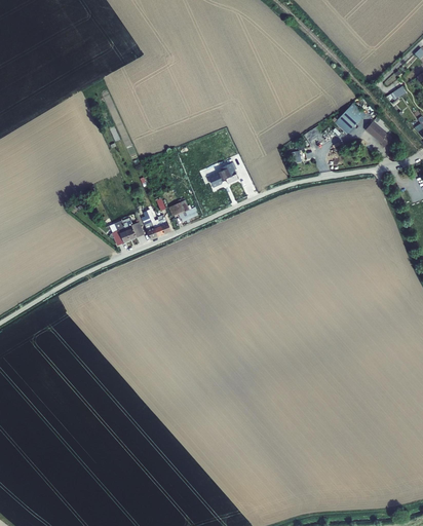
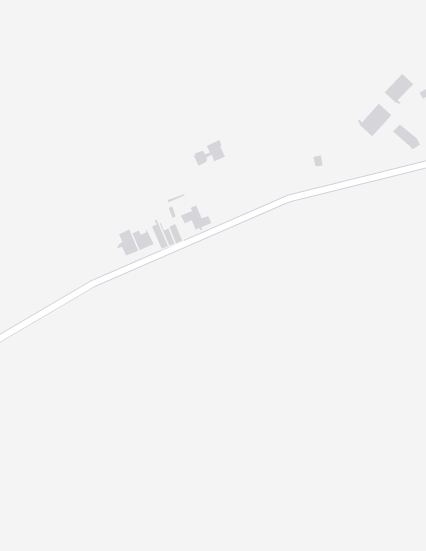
building: none -> [384,73,414,105]
building: [208,162,239,188] -> [193,139,226,167]

